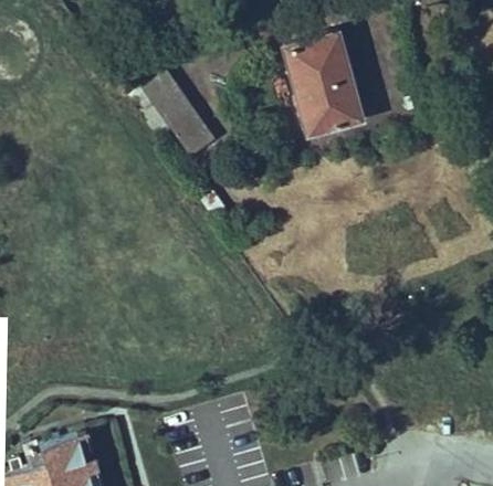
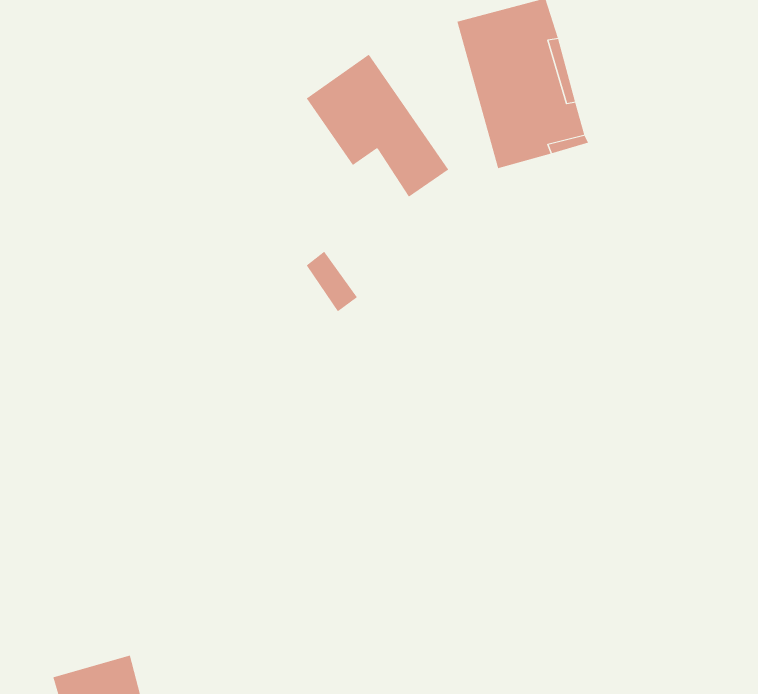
building: [129,72,214,157] -> [306,54,449,197]

